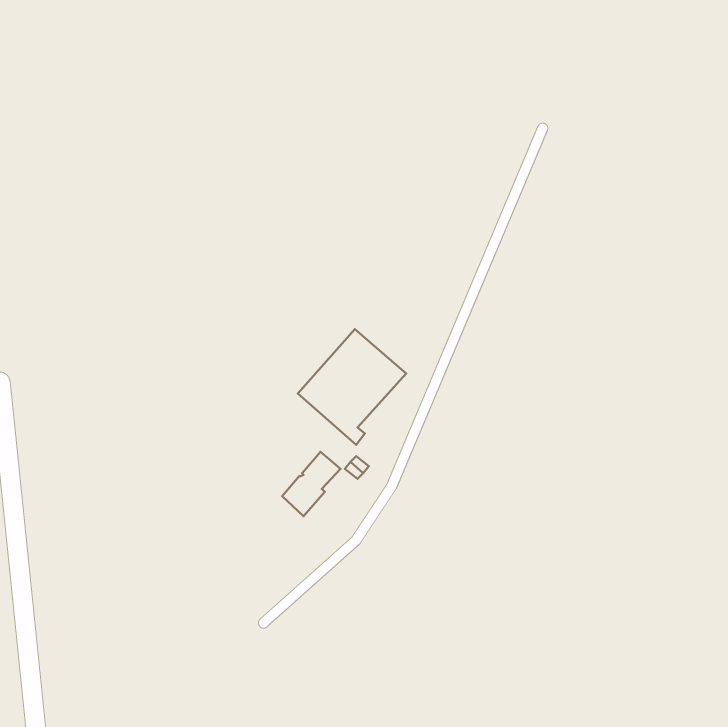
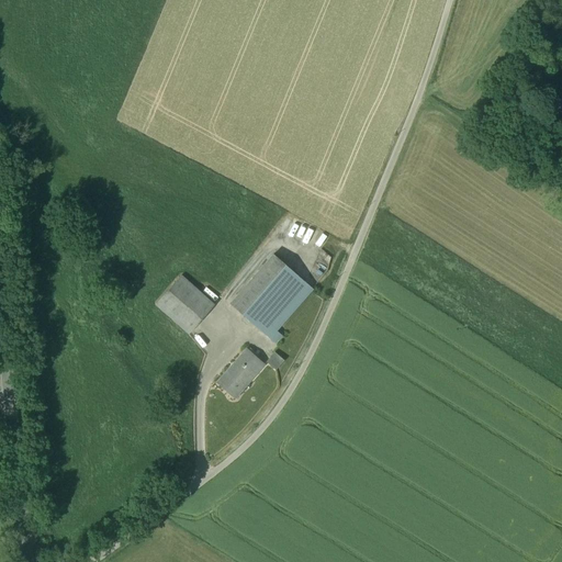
building: none -> [156,274,214,334]

